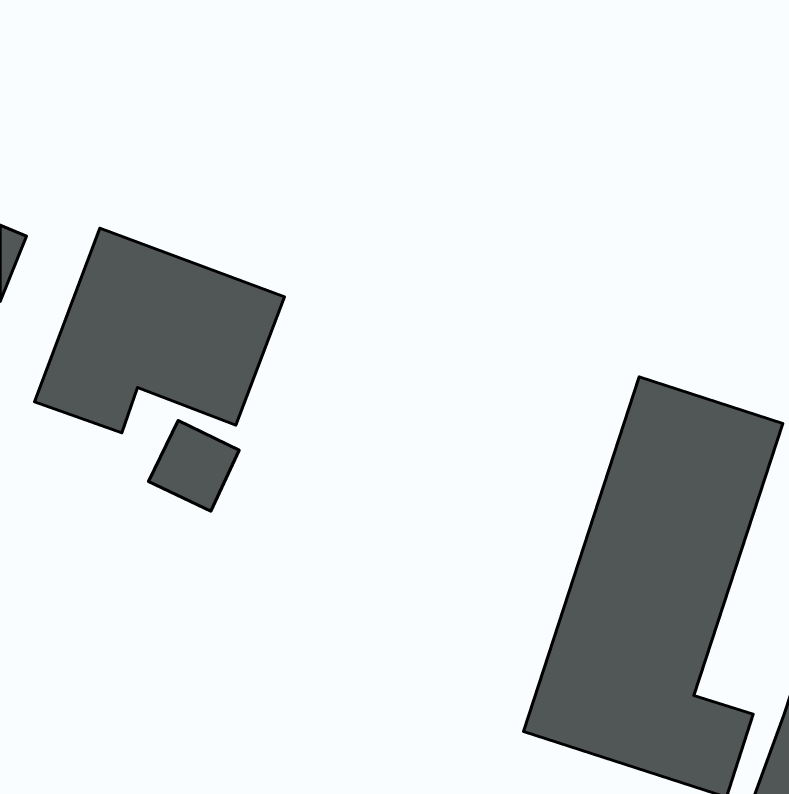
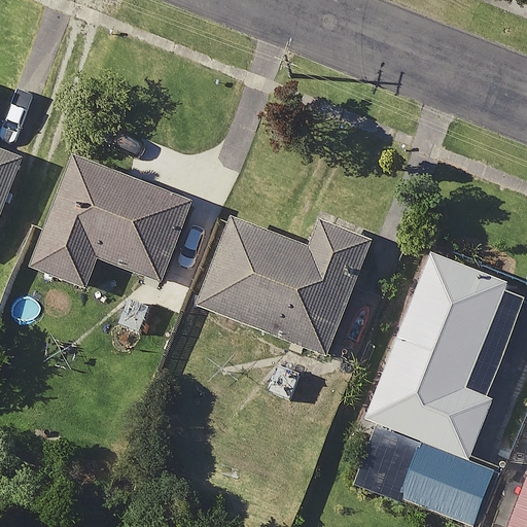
building: none -> [200,214,372,356]

